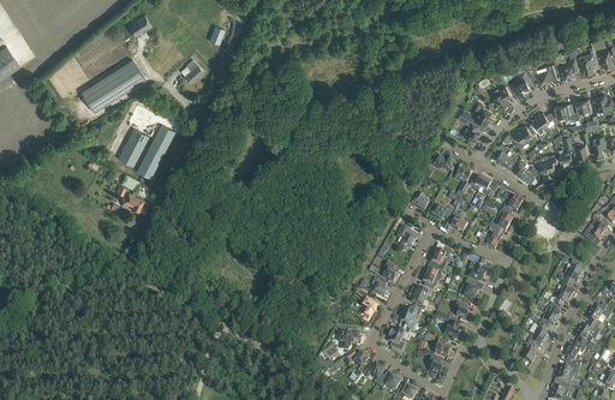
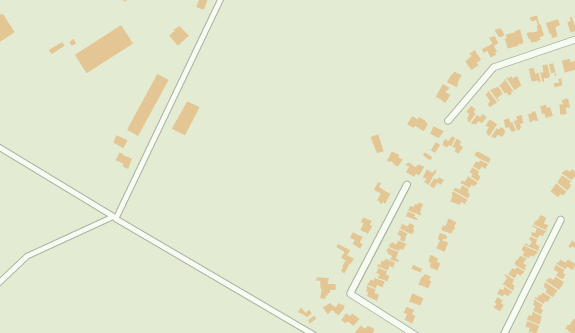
building: [117,127,148,165] -> [171,100,200,136]

